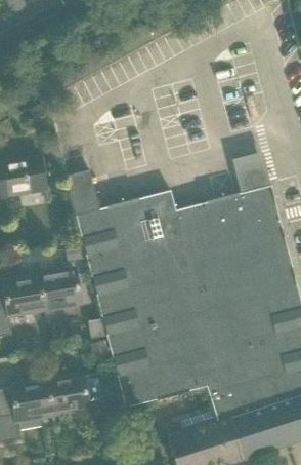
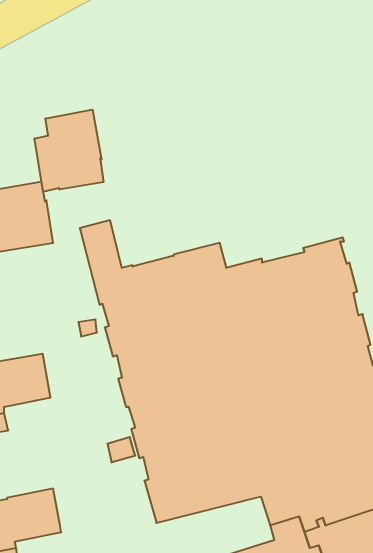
building: none -> [34,110,104,192]
building: [38,269,80,310] -> none
building: [46,374,105,415] -> none

